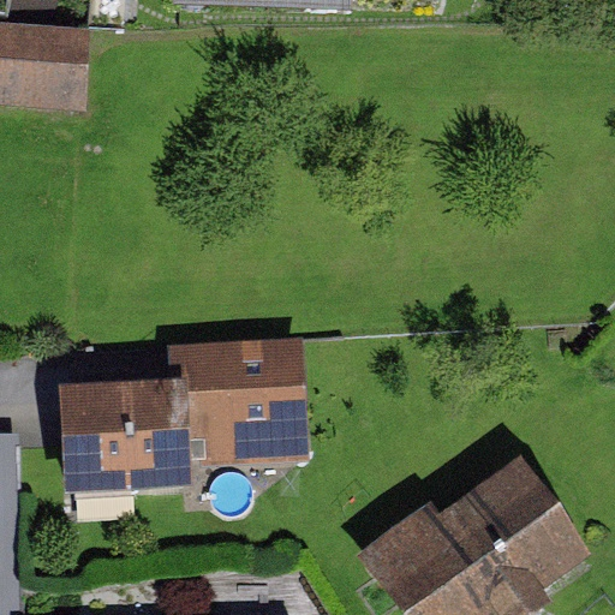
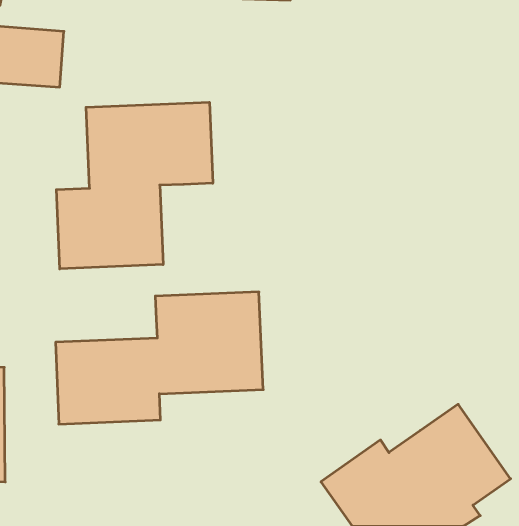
building: none -> [56,102,213,269]

